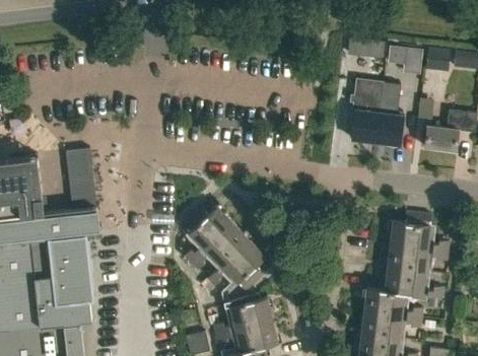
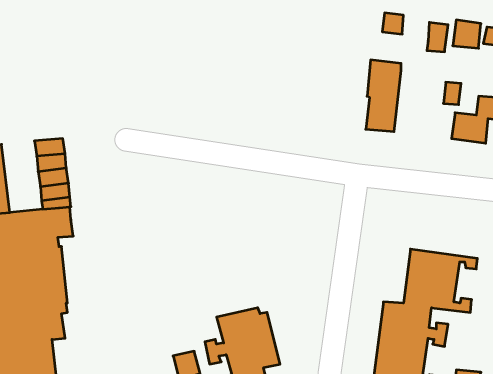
building: [375,89,404,145] -> none
building: [181,205,264,290] -> none
building: [390,211,449,252] -> none

